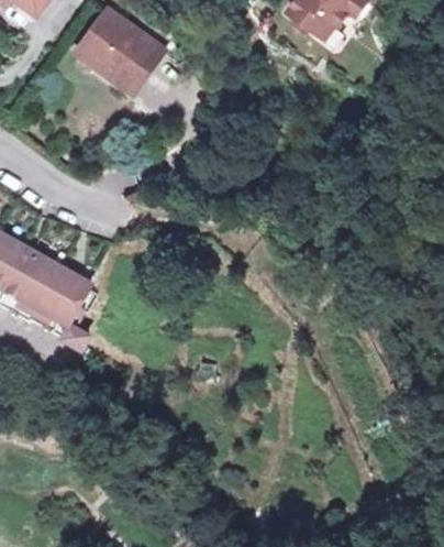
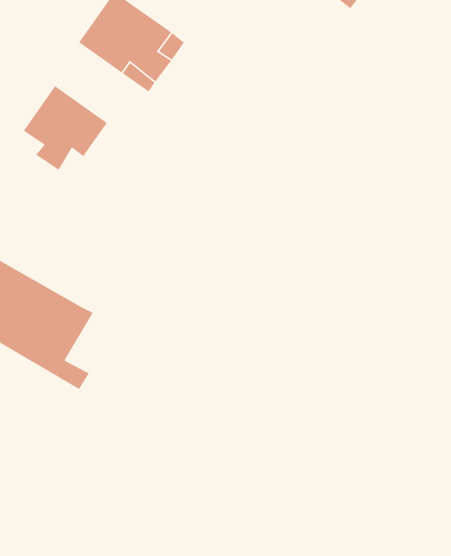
building: none -> [23,85,108,171]

